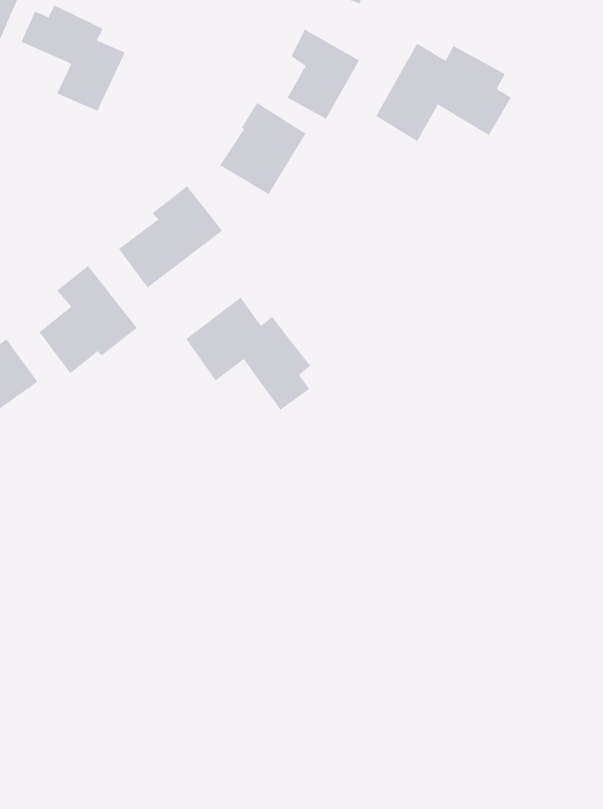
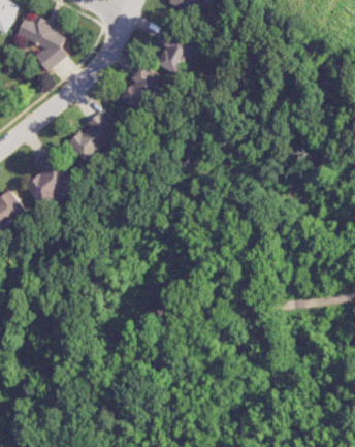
building: [375,42,512,142] -> none
building: [185,297,311,411] -> none

